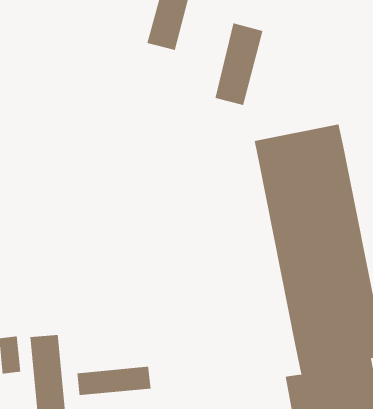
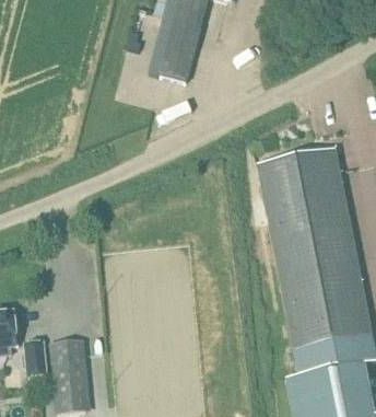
building: [215,22,263,106] -> none
building: [77,366,151,396] -> none

